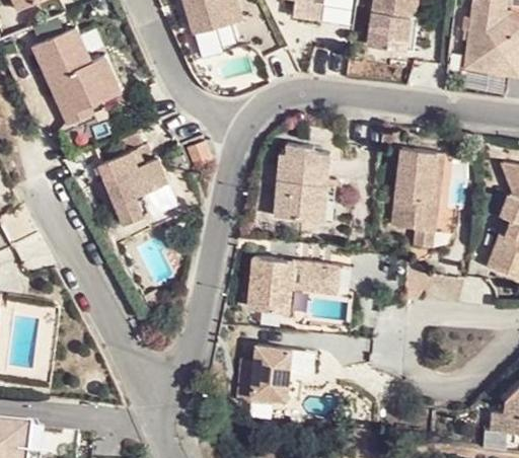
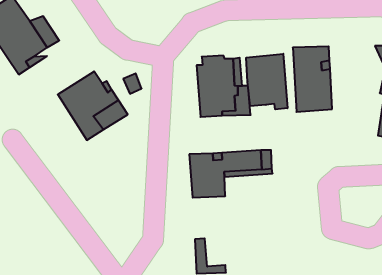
building: none -> [246,54,287,109]
building: [251,345,292,398] -> none

